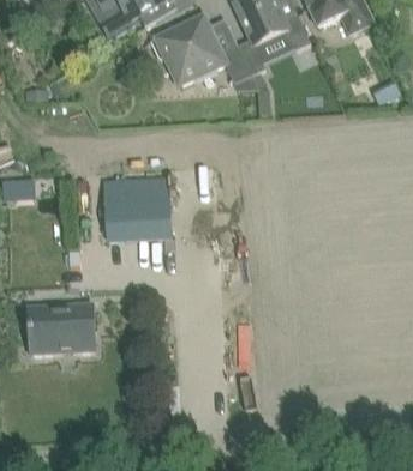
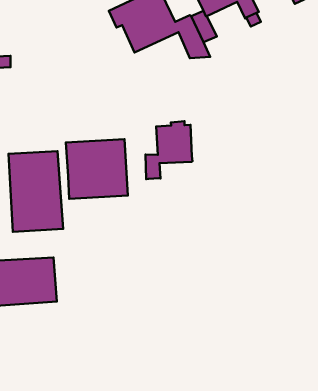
building: none -> [145,121,192,179]
building: none -> [8,151,63,232]

